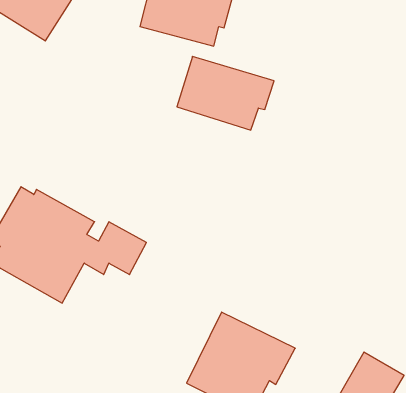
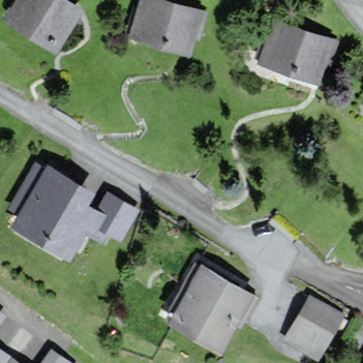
building: [177,56,274,130] -> [259,22,336,81]

